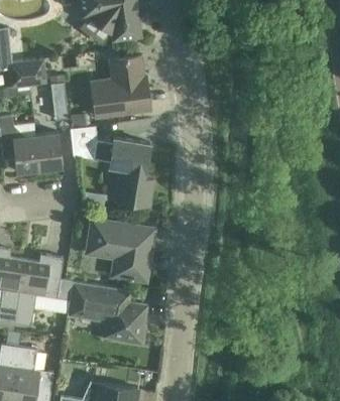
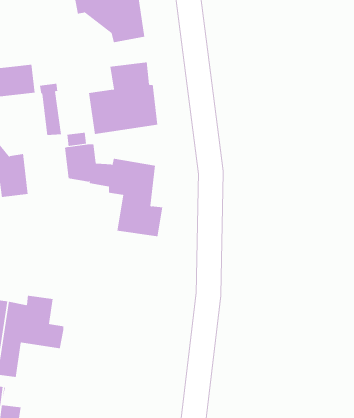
building: [37,133,65,169] -> none
building: [88,222,153,282] -> none
building: [67,284,146,347] -> none

